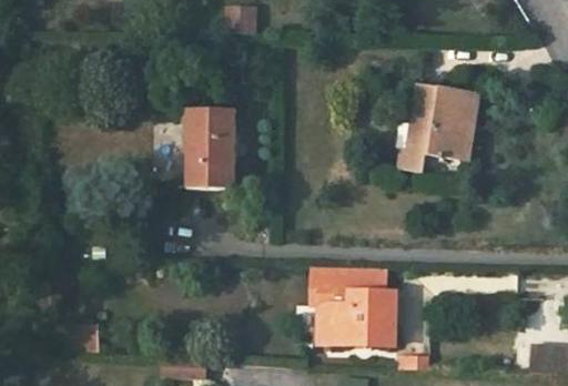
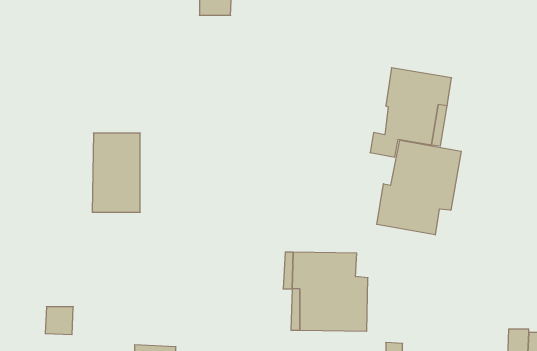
building: [185,110,233,189] -> [92,133,140,212]
building: none -> [377,140,461,235]

